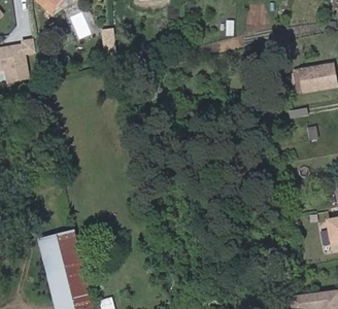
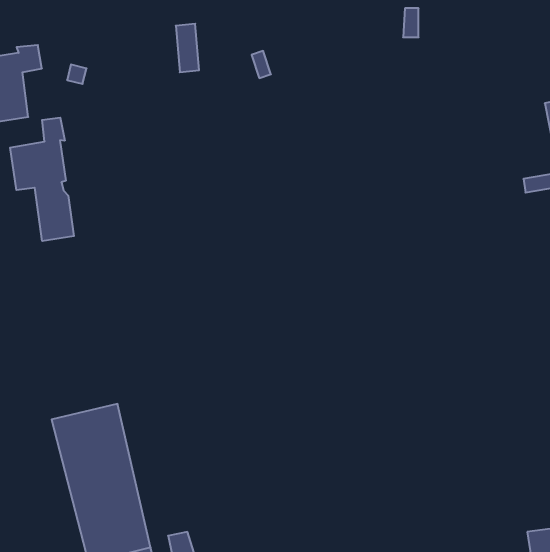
building: none -> [10,118,74,241]

